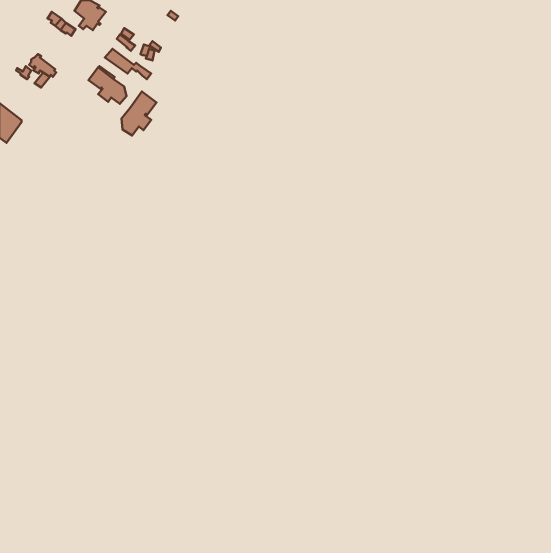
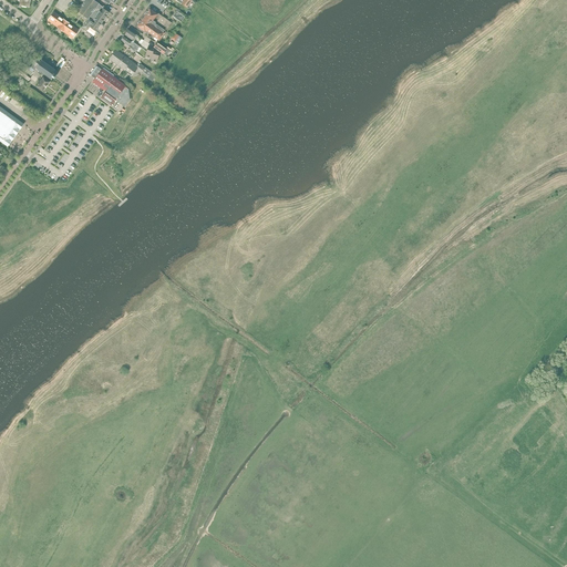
building: none -> [136,8,171,40]
building: [122,92,156,136] -> none

